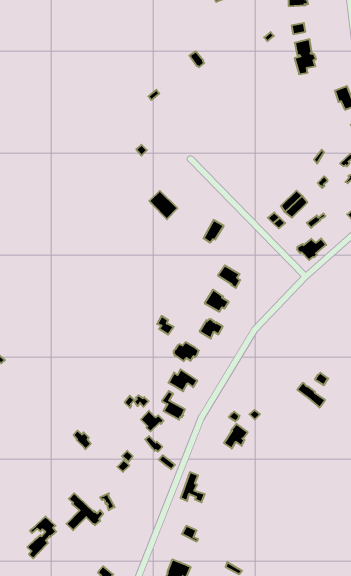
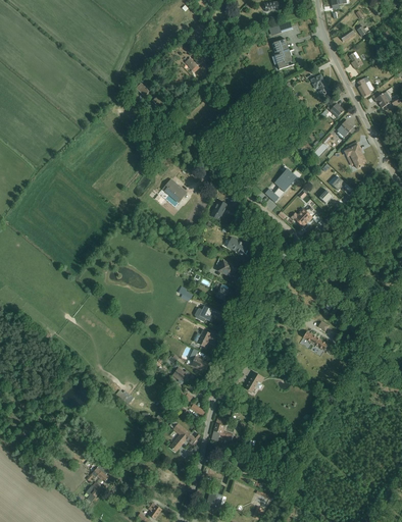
building: [66,493,103,530] -> [169,420,200,452]

